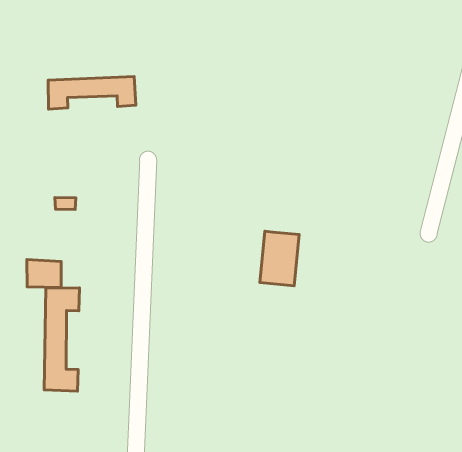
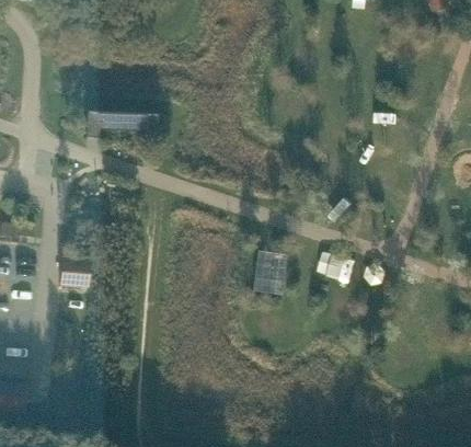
building: [44,288,79,391] -> none

